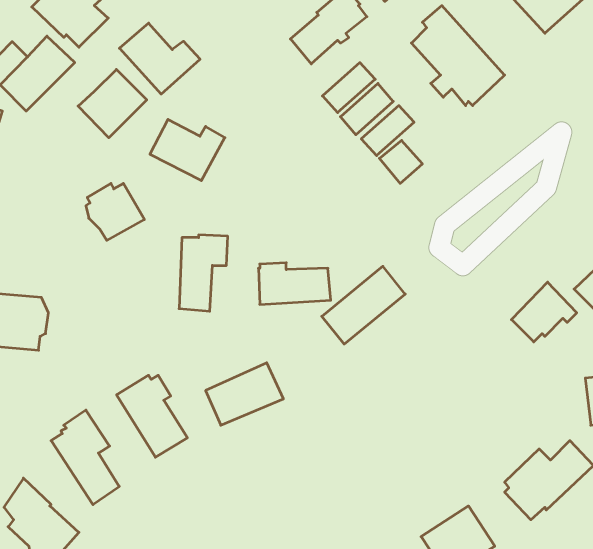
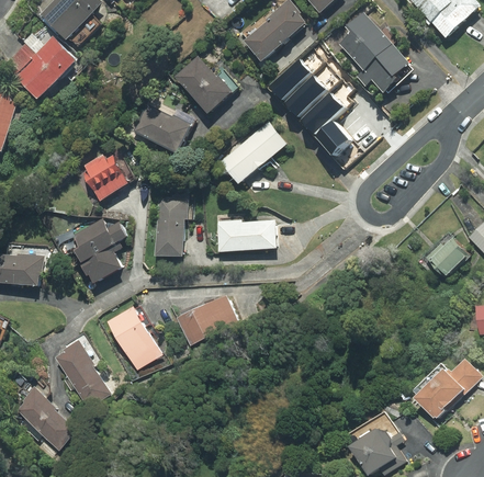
building: [119,23,200,94] -> [173,57,237,113]
building: [78,69,147,138] -> none
building: none -> [71,219,125,281]
building: [322,266,405,344] -> [220,122,285,183]

